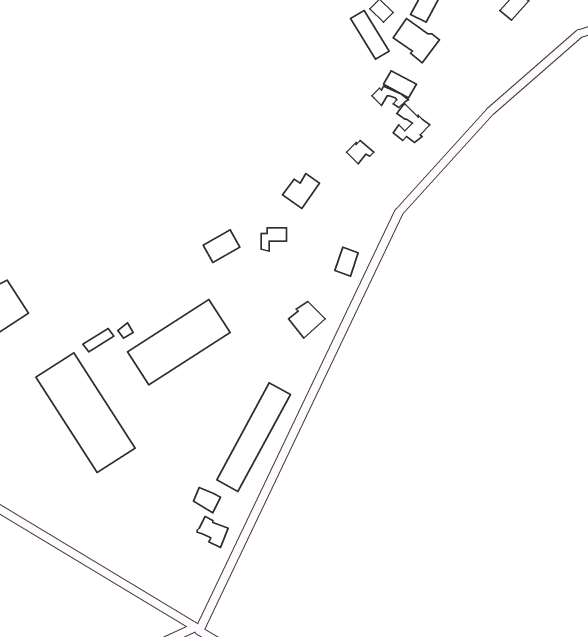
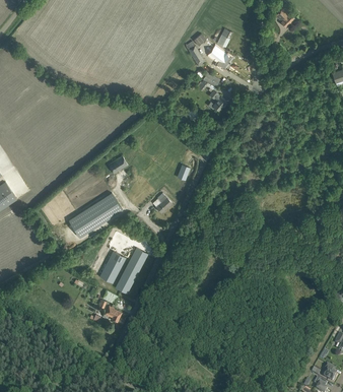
building: [36,353,135,472] -> none
building: none -> [98,250,125,281]

